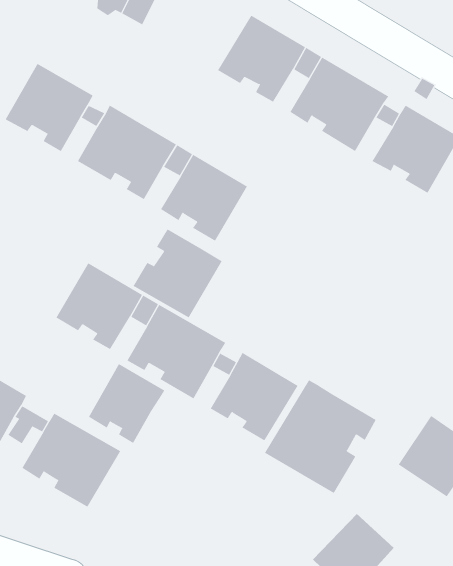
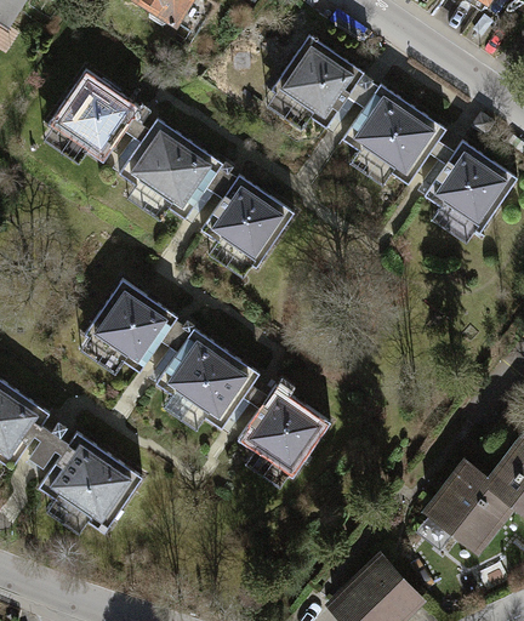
building: [133,229,222,318] -> none
building: [88,363,165,444] -> none
building: [264,379,376,494] -> none

